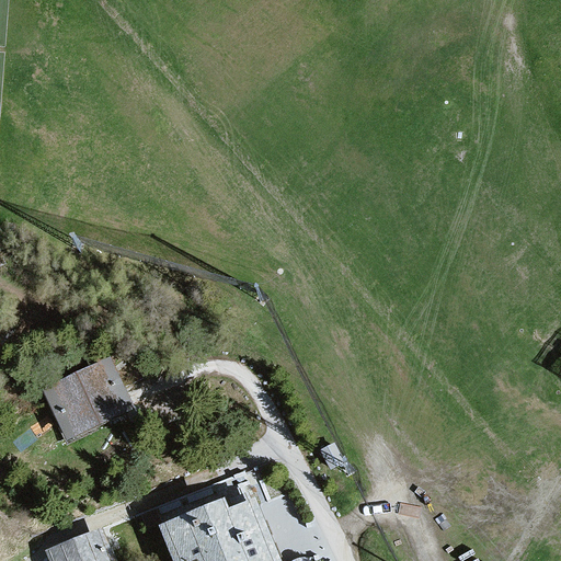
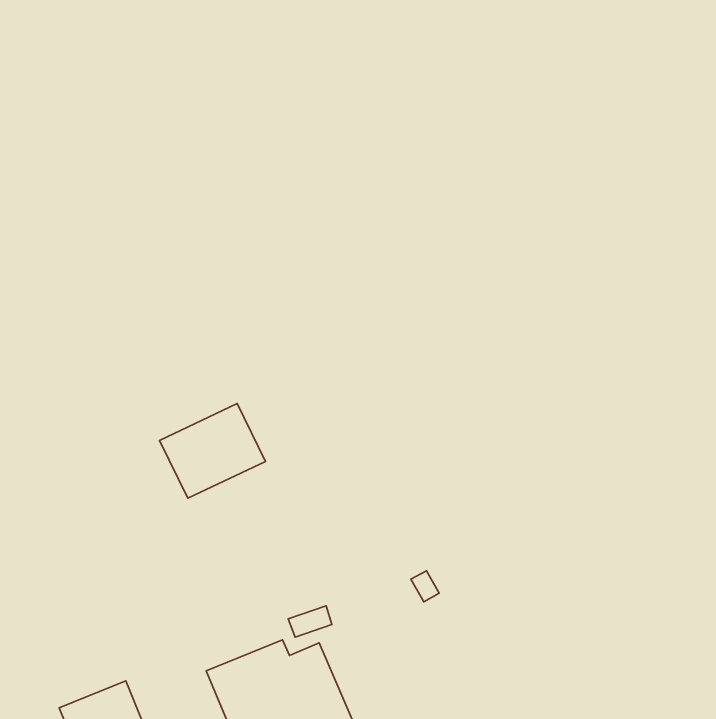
building: [46,359,128,433] -> [160,404,266,498]

